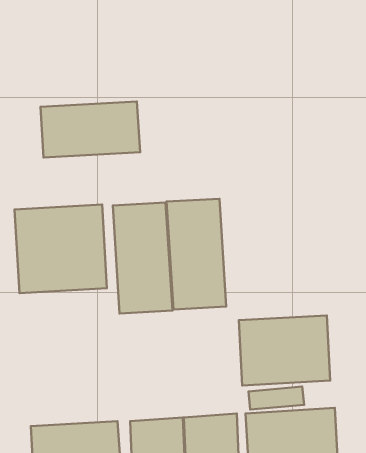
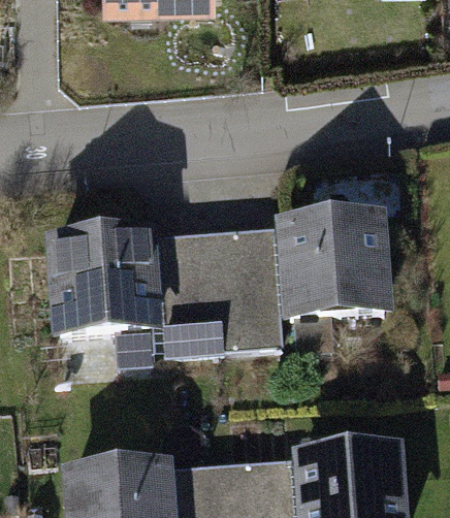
building: [40,102,140,158] -> none
building: none -> [285,222,384,315]
building: [239,315,330,385] -> none

